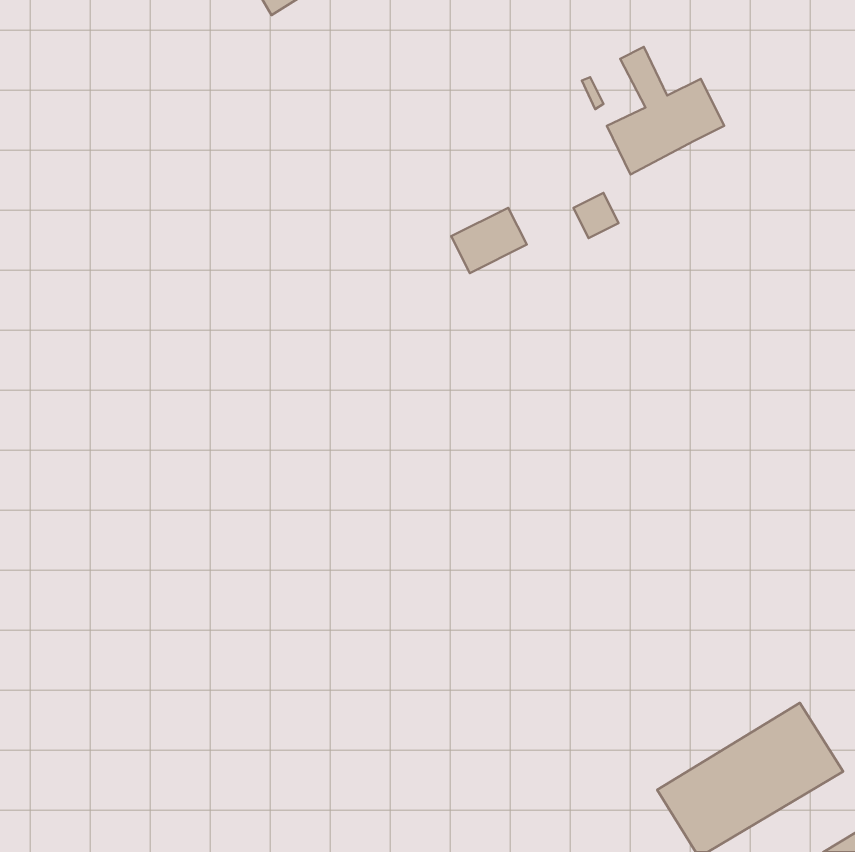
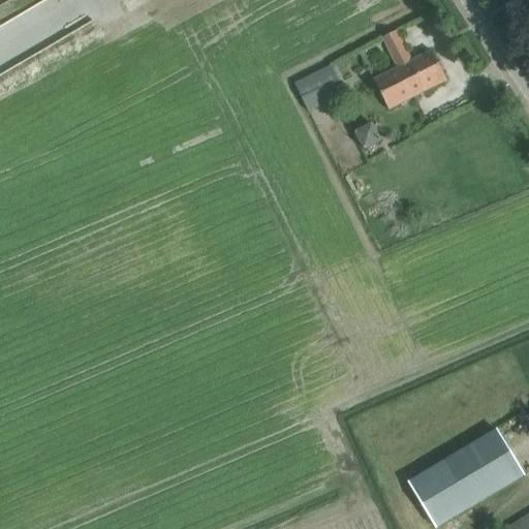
building: [451,208,527,273] -> [295,63,342,103]

